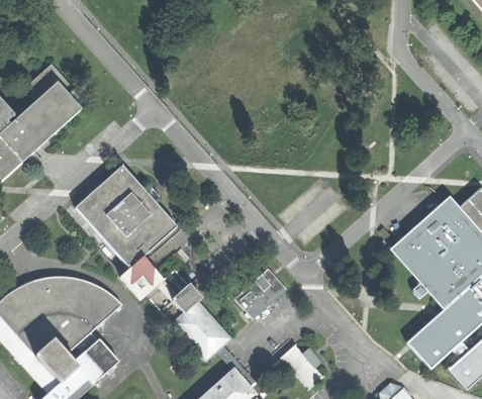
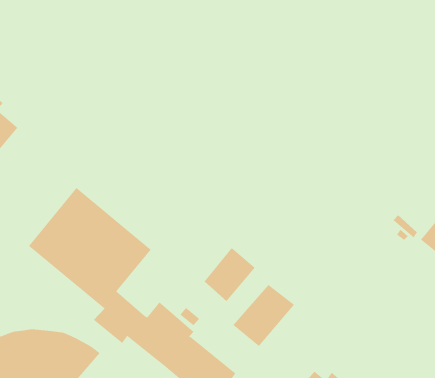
building: none -> [204,247,256,302]

